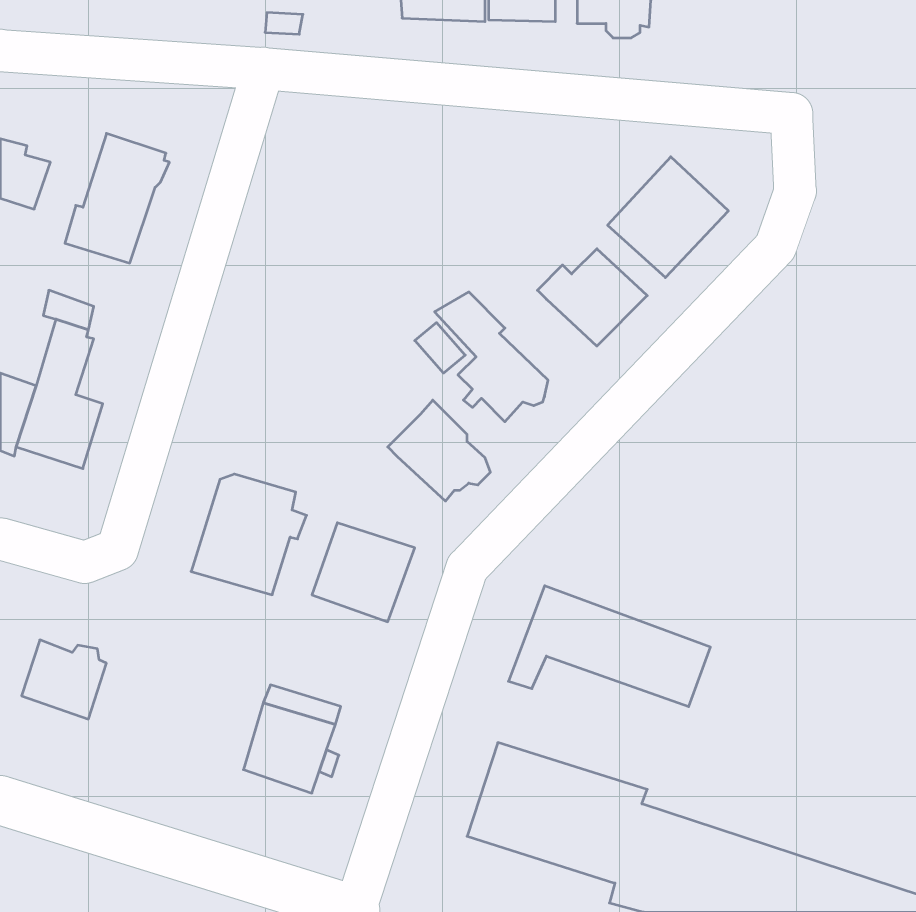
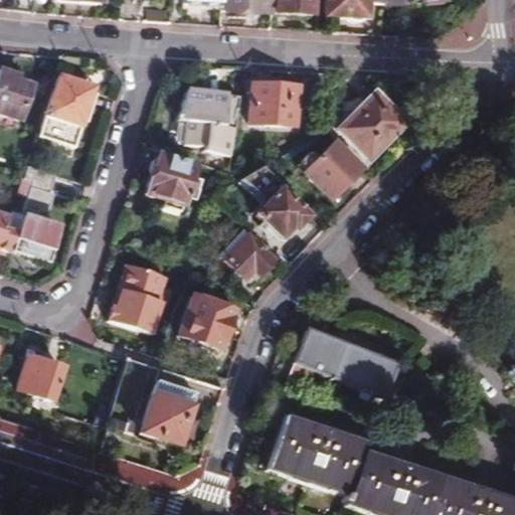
building: none -> [251,81,300,125]
building: none -> [184,87,242,148]
building: none -> [148,154,202,202]

